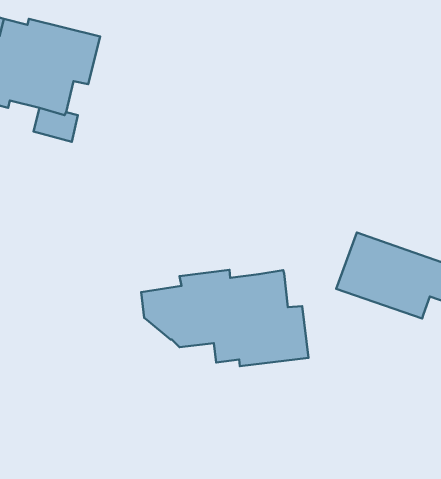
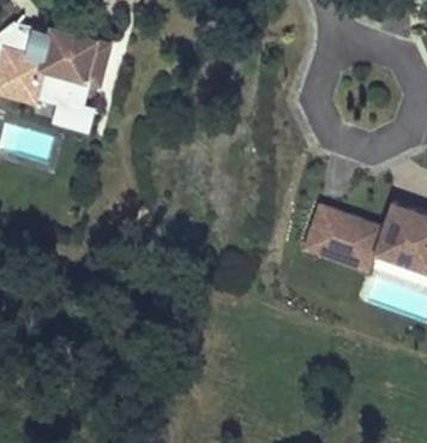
building: [141,270,308,366] -> none

